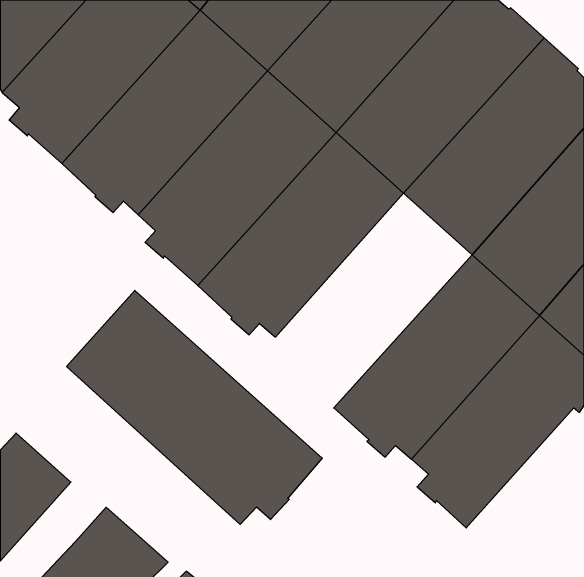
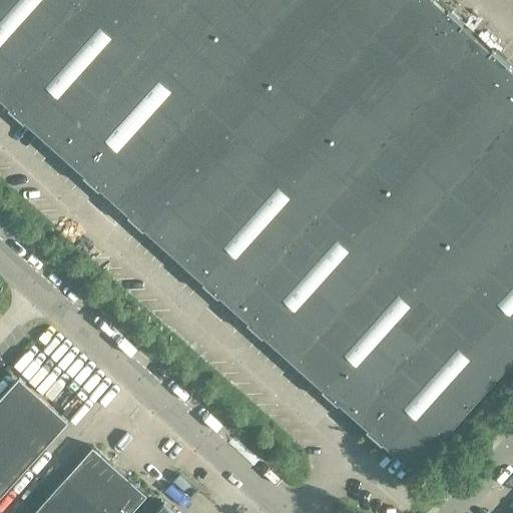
building: none -> [241,175,414,364]
building: [67,290,322,524] -> none

